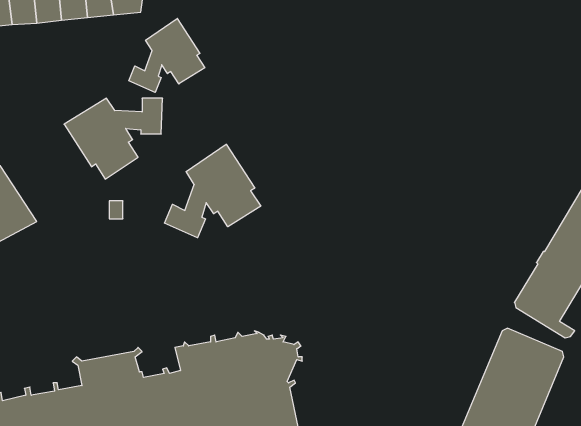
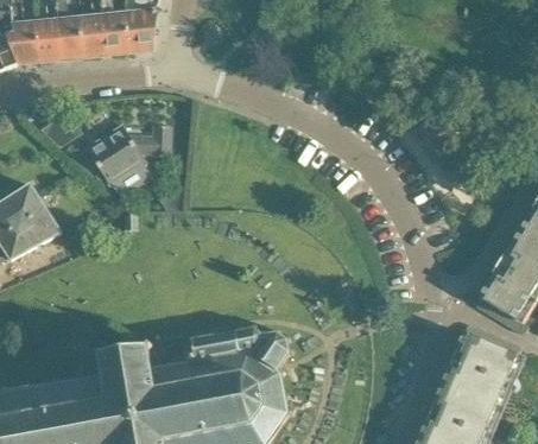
building: [129,18,205,92] -> none
building: [164,144,261,238] -> none

